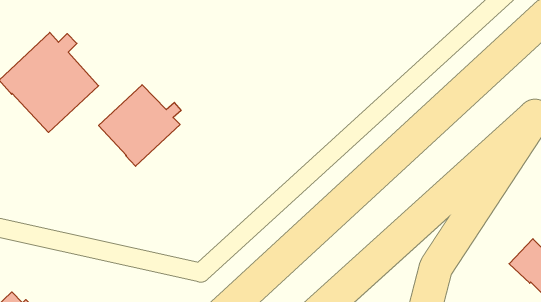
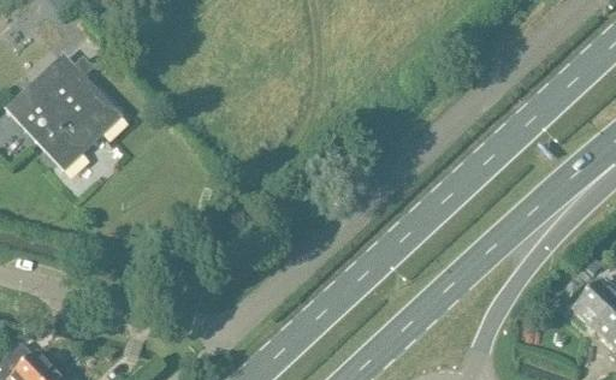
building: [99,85,181,166] -> none

